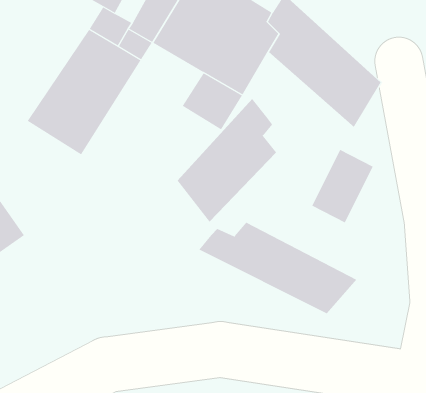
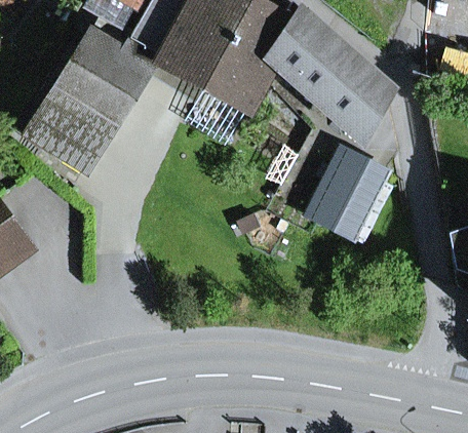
building: [177,98,277,223] -> none
building: [198,222,357,314] -> none

